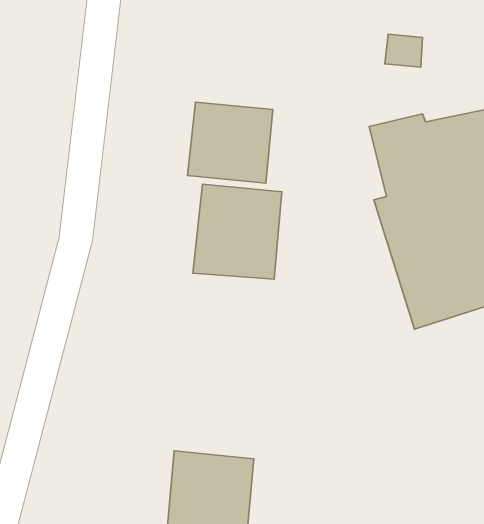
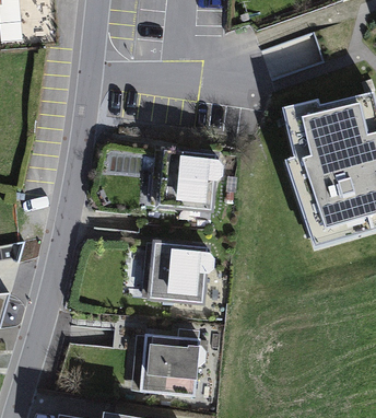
building: [188,102,273,183] -> none
building: none -> [145,240,210,306]

